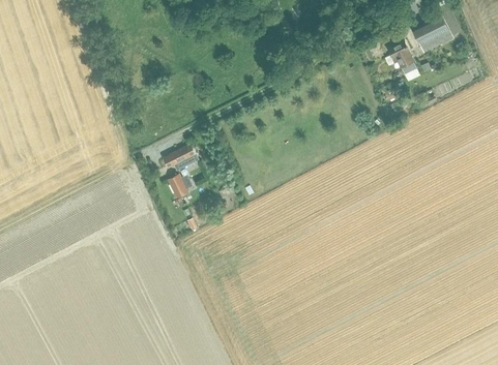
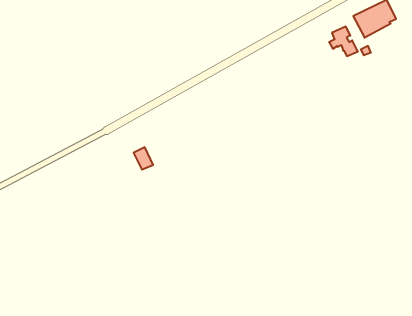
building: [165,145,199,170] -> none

